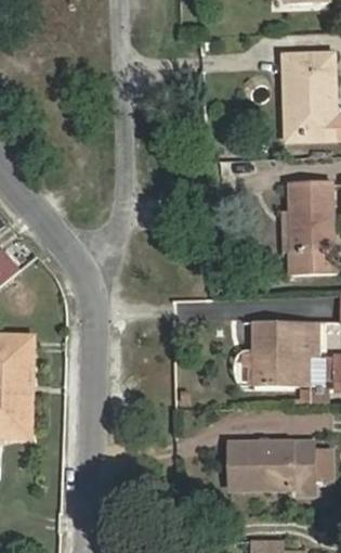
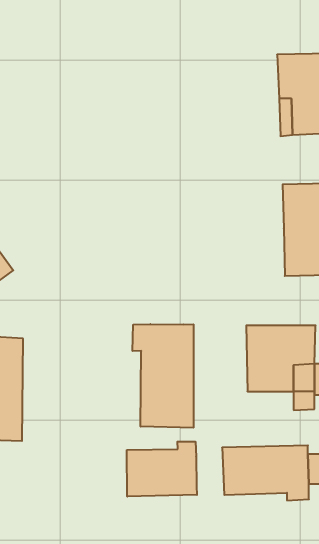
building: none -> [133,324,193,428]
building: none -> [127,442,197,497]

